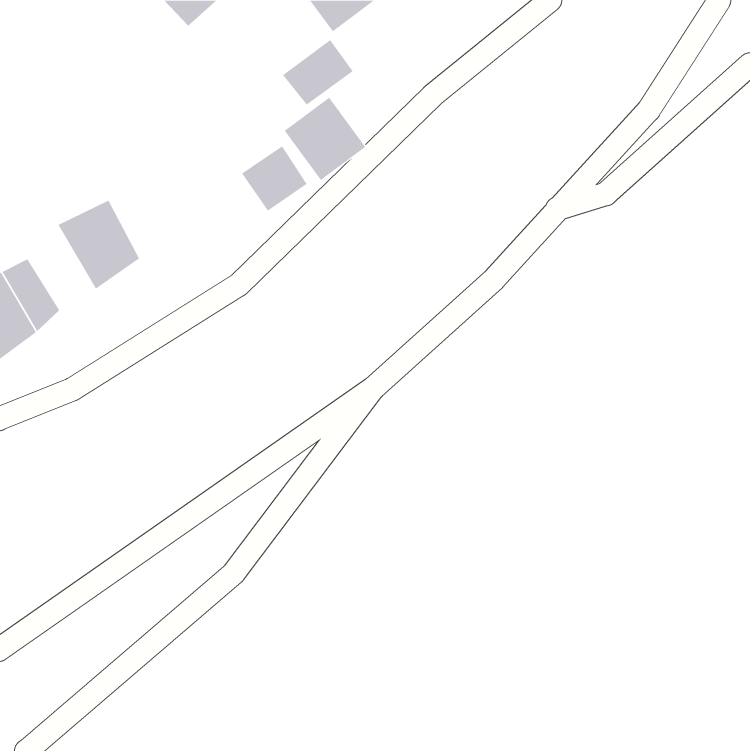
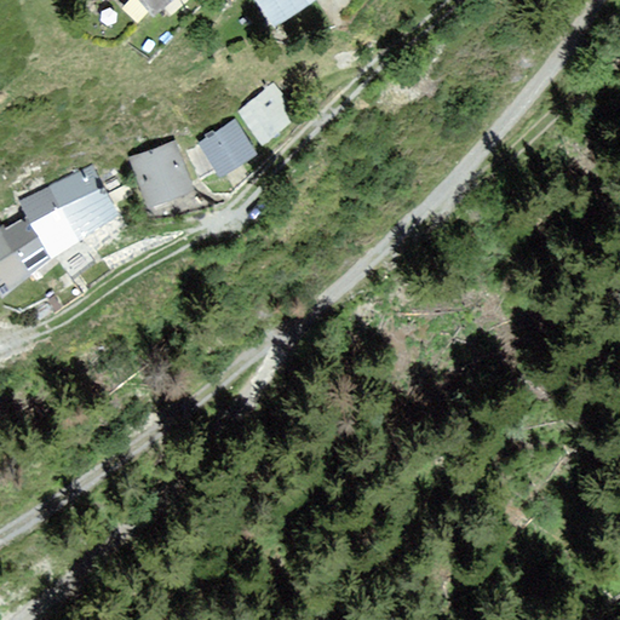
building: [282,39,354,106] -> none
building: none -> [128,138,191,206]
building: none -> [17,185,79,256]

